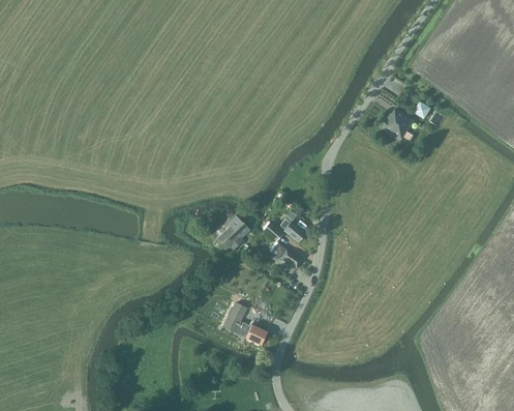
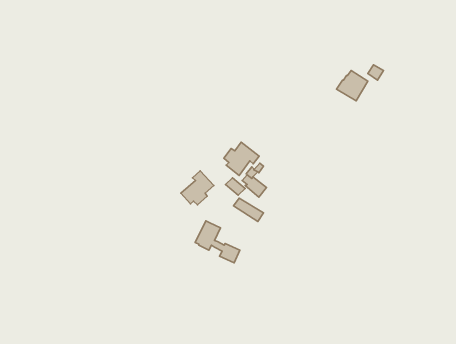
building: none -> [224,142,259,175]
building: [219,300,267,345] -> [195,221,240,263]

